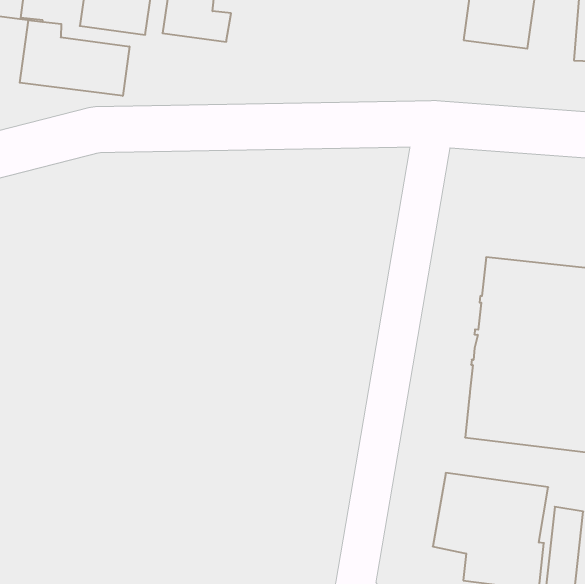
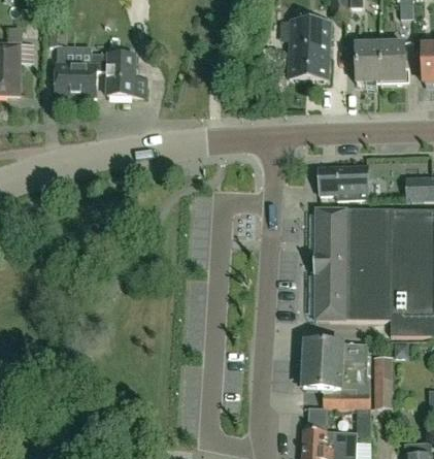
building: [20,20,129,96] -> none
building: none -> [319,165,368,198]

